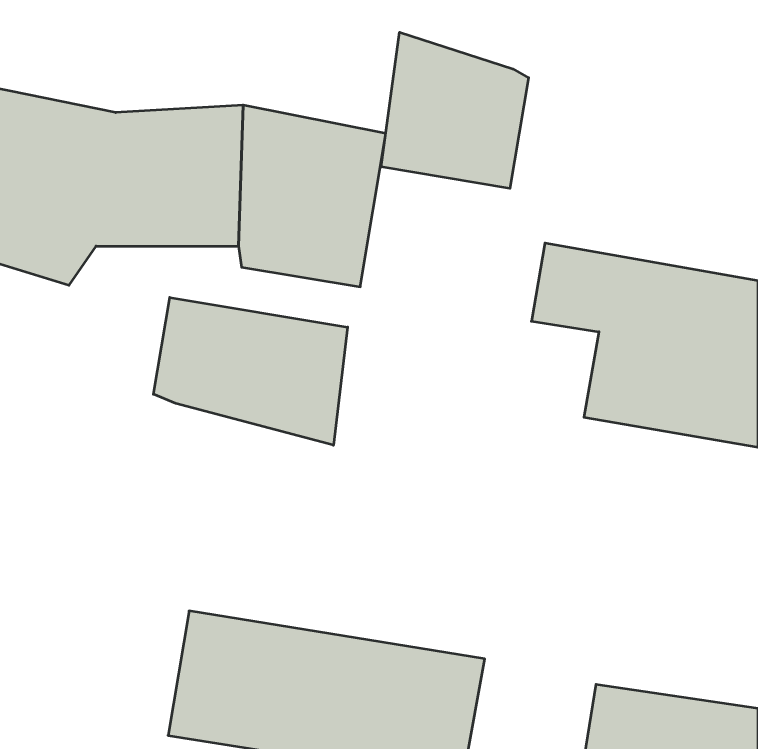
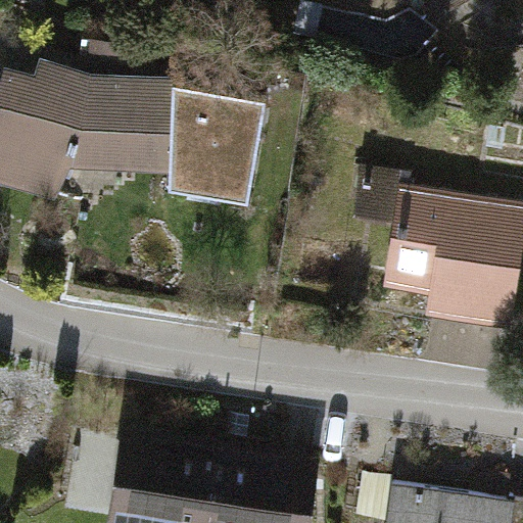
building: [381,32,529,188] -> none
building: [153,297,348,445] -> none

